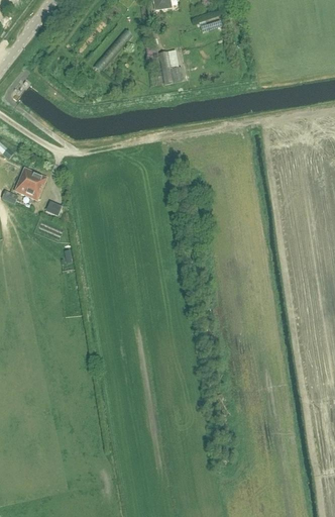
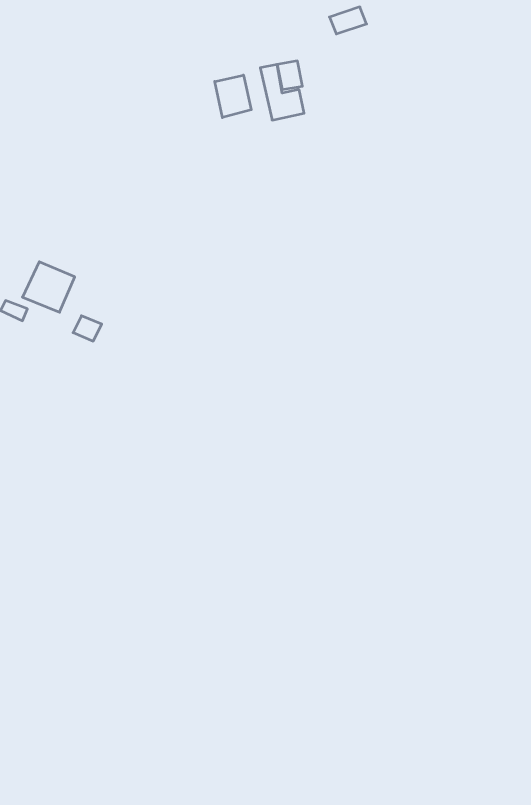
building: none -> [215,75,251,118]

